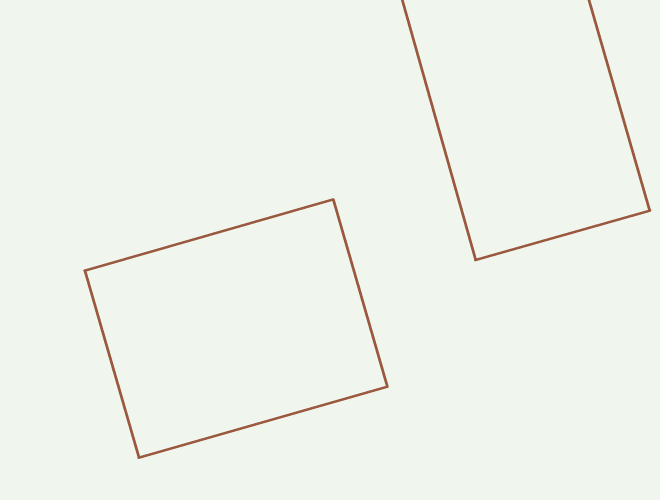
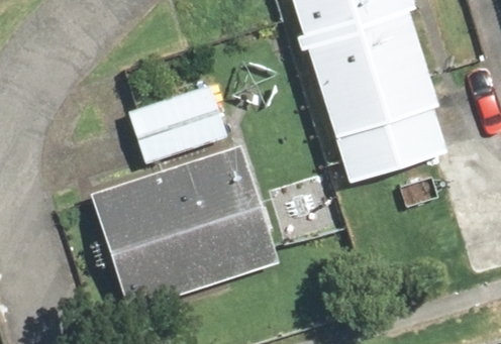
building: none -> [126,78,239,160]

